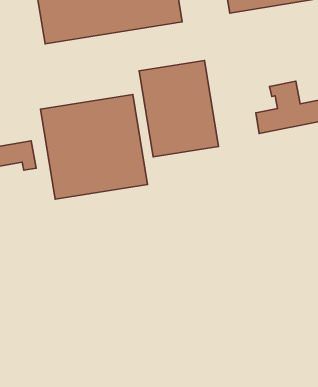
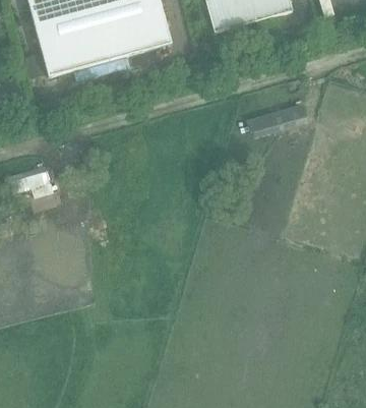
building: [139,60,218,157] -> none
building: [41,94,147,199] -> none

